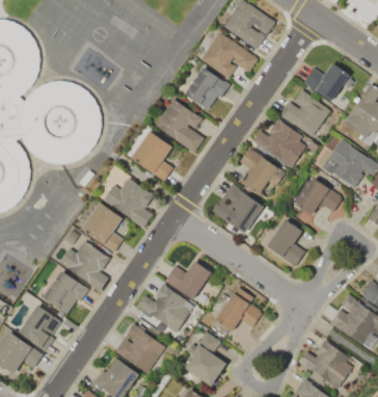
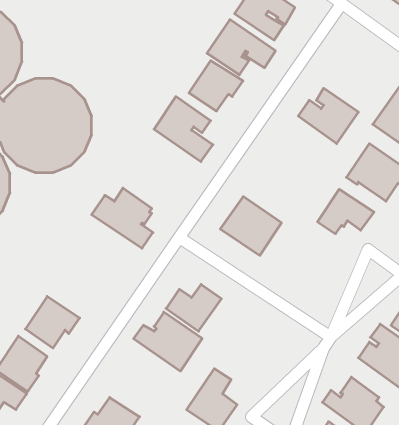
building: [302,62,354,102] -> none
building: [250,118,307,169] -> none
building: [130,131,173,182] -> none
building: [239,148,286,194] -> none
building: [80,202,124,254] -> none
building: [266,219,306,267] -> none
building: [57,240,110,292] -> none
building: [214,287,262,332] -> none
building: [114,325,165,374] -> none

